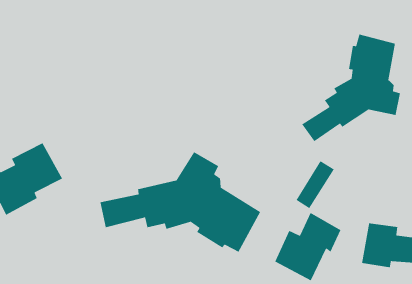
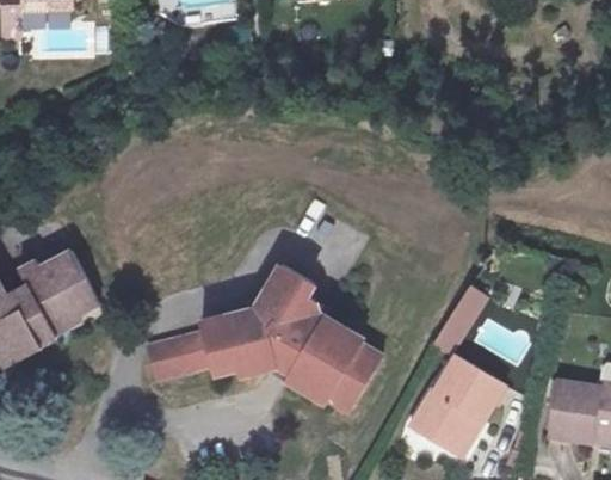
building: [301,33,401,142] -> none

